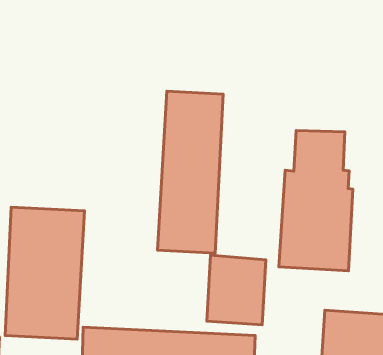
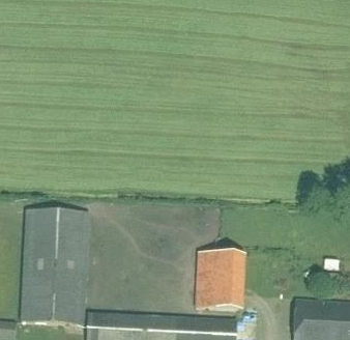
building: [158,91,223,253] -> none
building: [279,130,353,271] -> none

